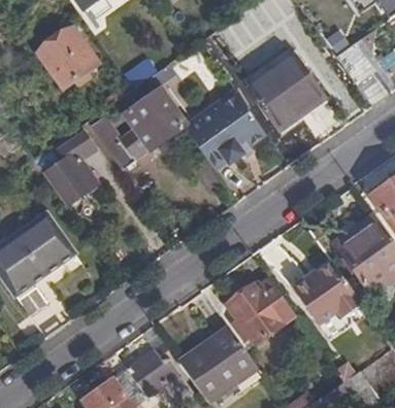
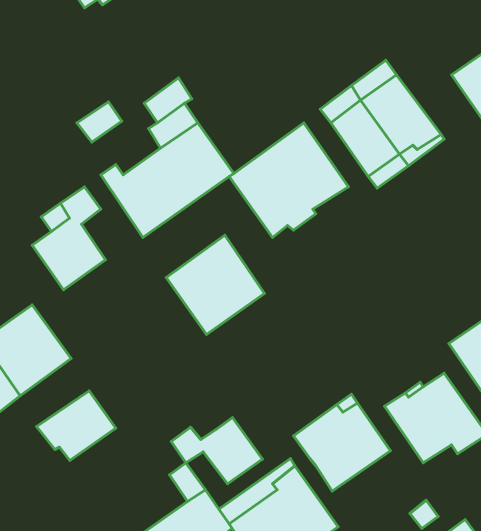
building: [37,28,97,89] -> none
building: none -> [166,235,264,335]
building: none -> [36,391,116,461]
building: none -> [171,418,262,484]

